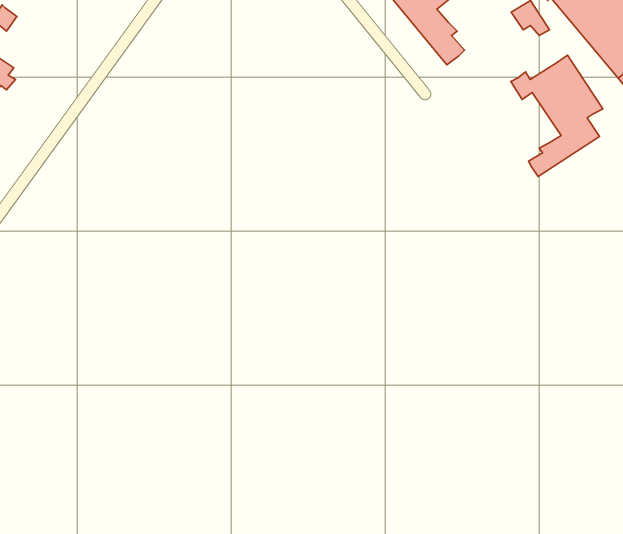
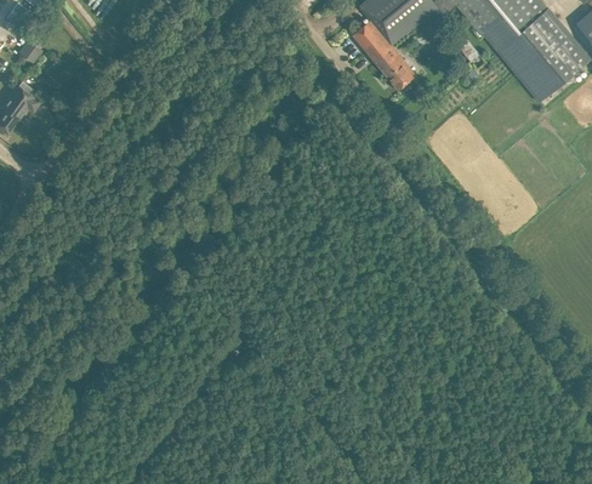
building: [511,55,603,176] -> none

